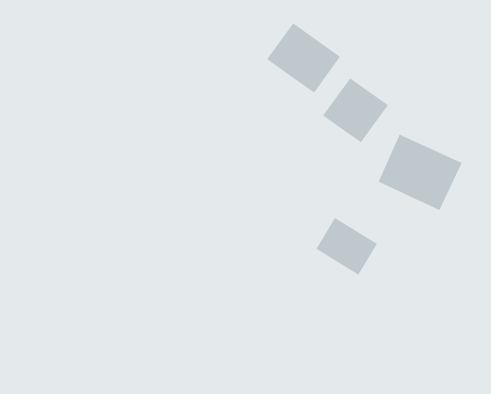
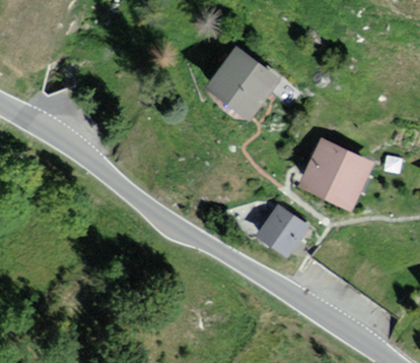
building: [322,77,389,143] -> none

